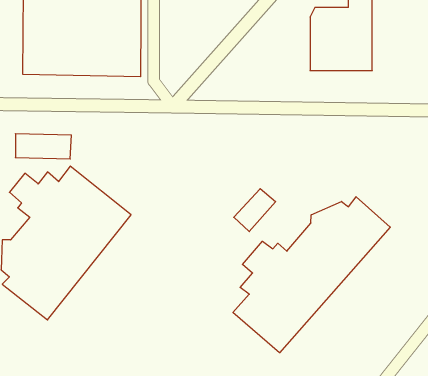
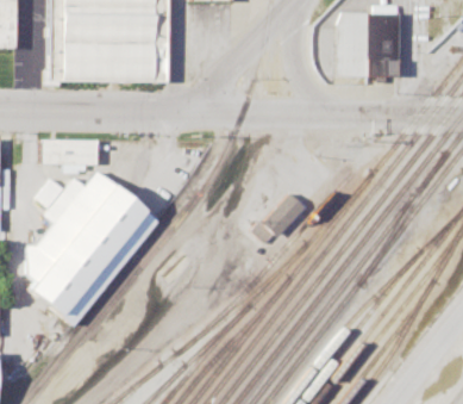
building: [233,197,390,353] -> none

